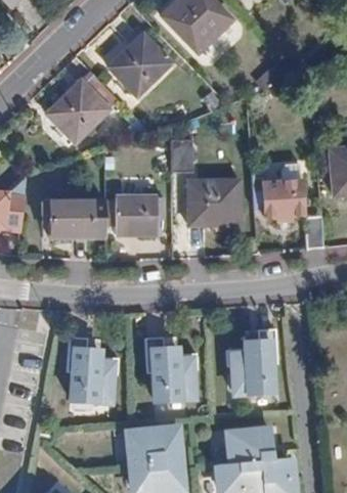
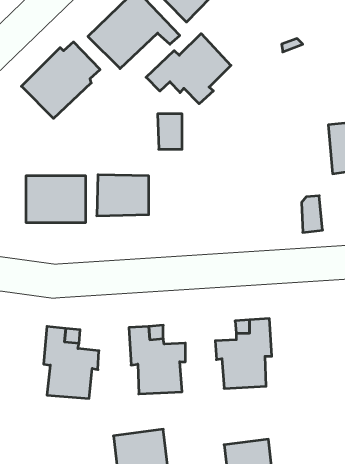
building: none -> [146,34,231,104]
building: [250,172,302,219] -> none
building: [187,180,238,223] -> none

